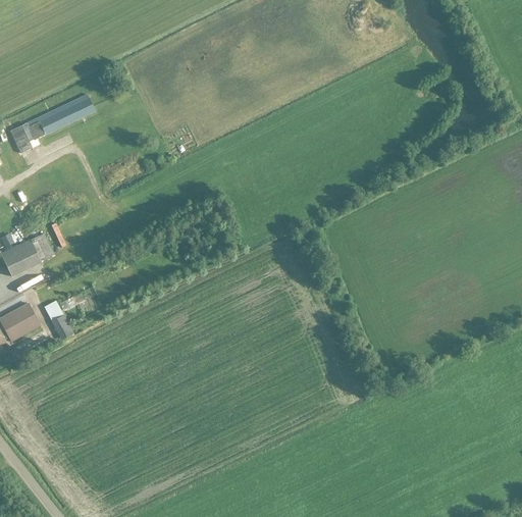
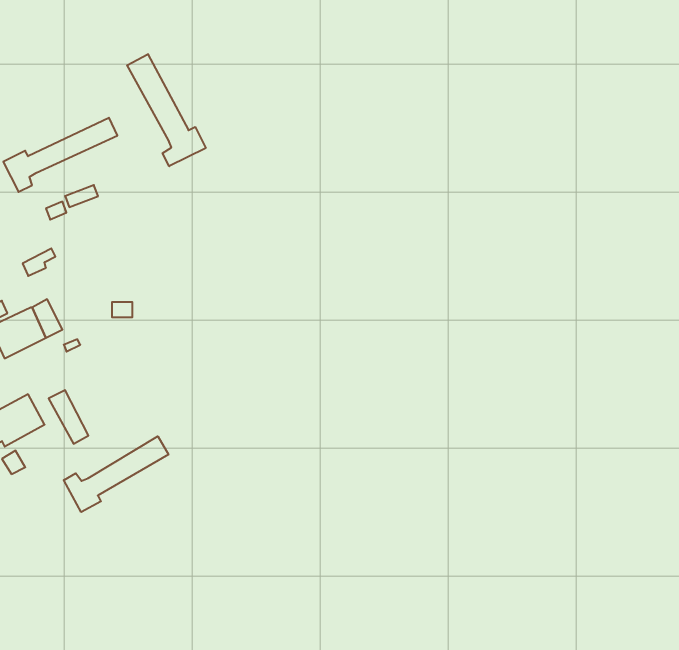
building: none -> [127,54,206,166]
building: none -> [64,436,168,512]

